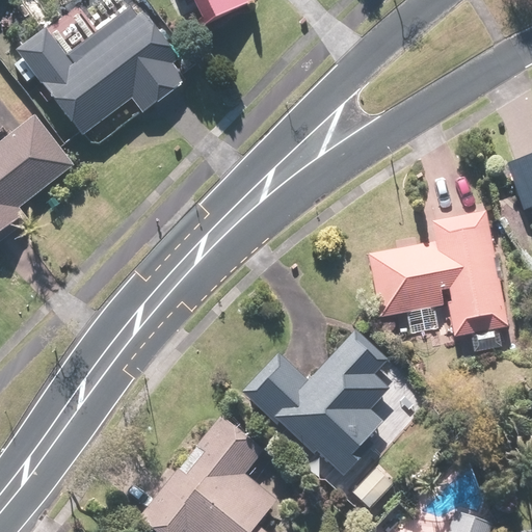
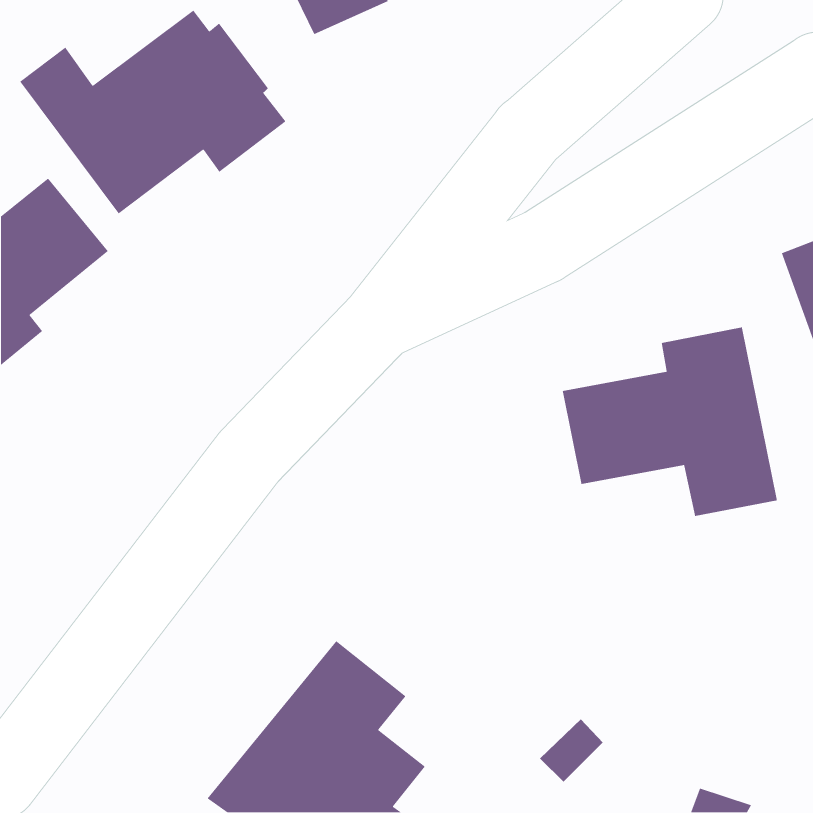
building: [243,329,390,478] -> none

